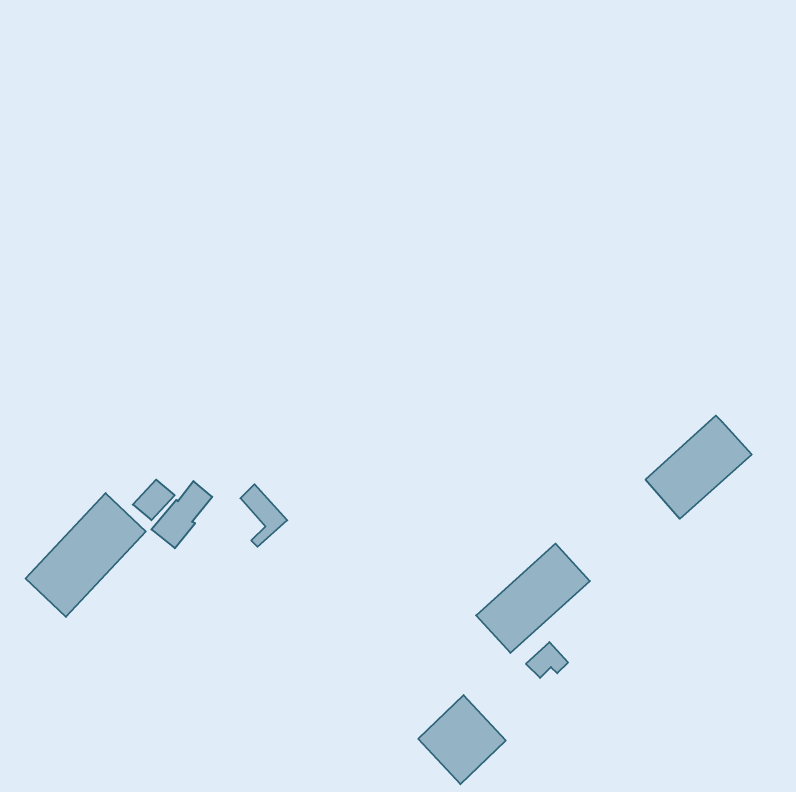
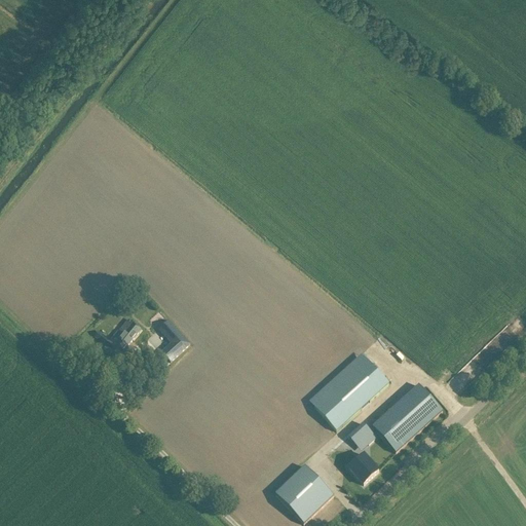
building: [646,416,752,519] -> [372,383,442,451]
building: [26,493,146,617] -> none
building: none -> [347,452,385,483]

